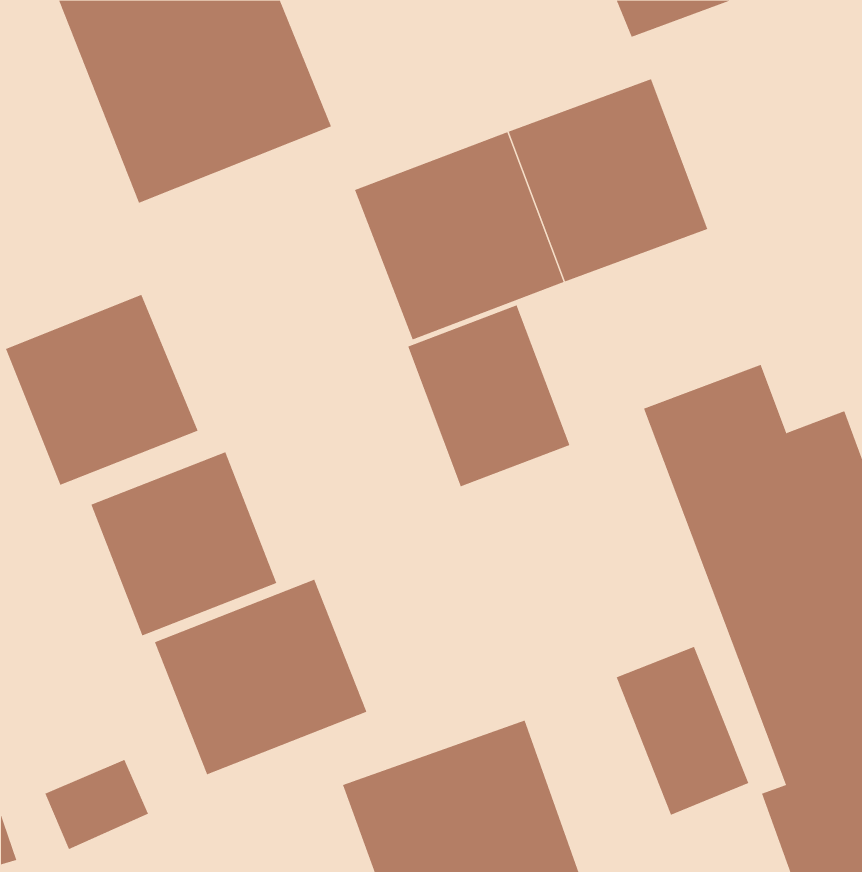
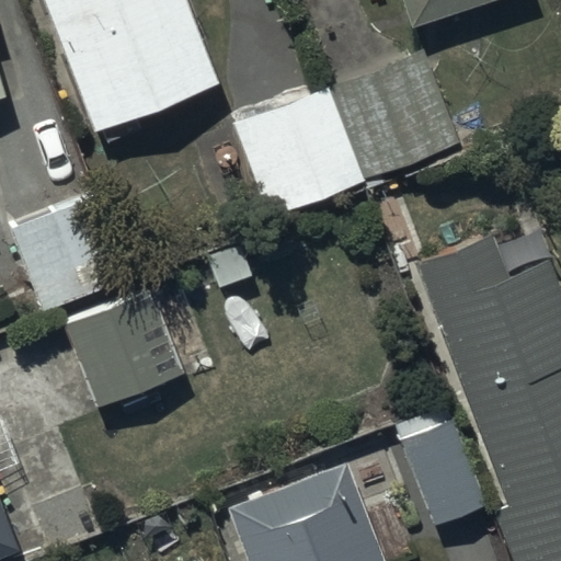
building: [407,305,570,487] -> none
building: [154,579,367,775] -> none

